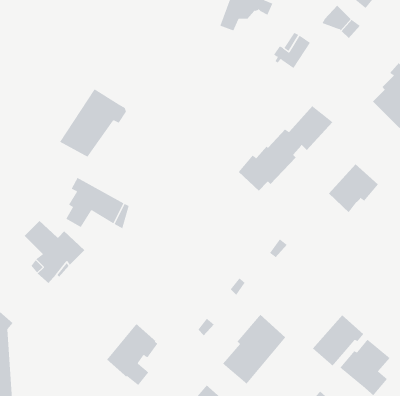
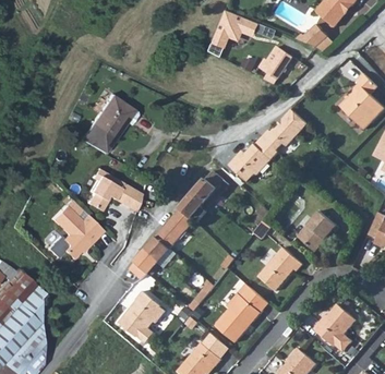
building: [328,164,379,213] -> [297,210,339,252]
building: none -> [130,170,229,279]
building: [312,314,364,367] -> [258,248,302,291]

